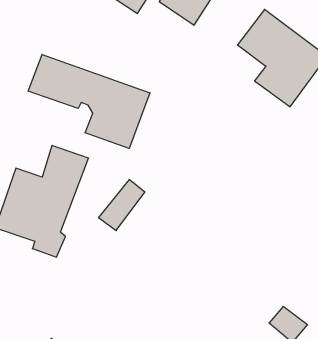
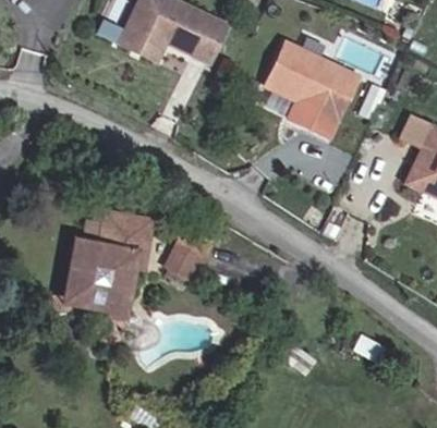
building: [28,54,150,148] -> none

